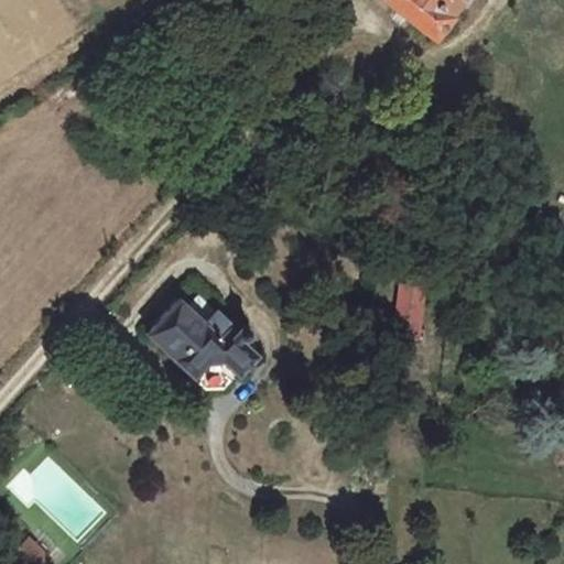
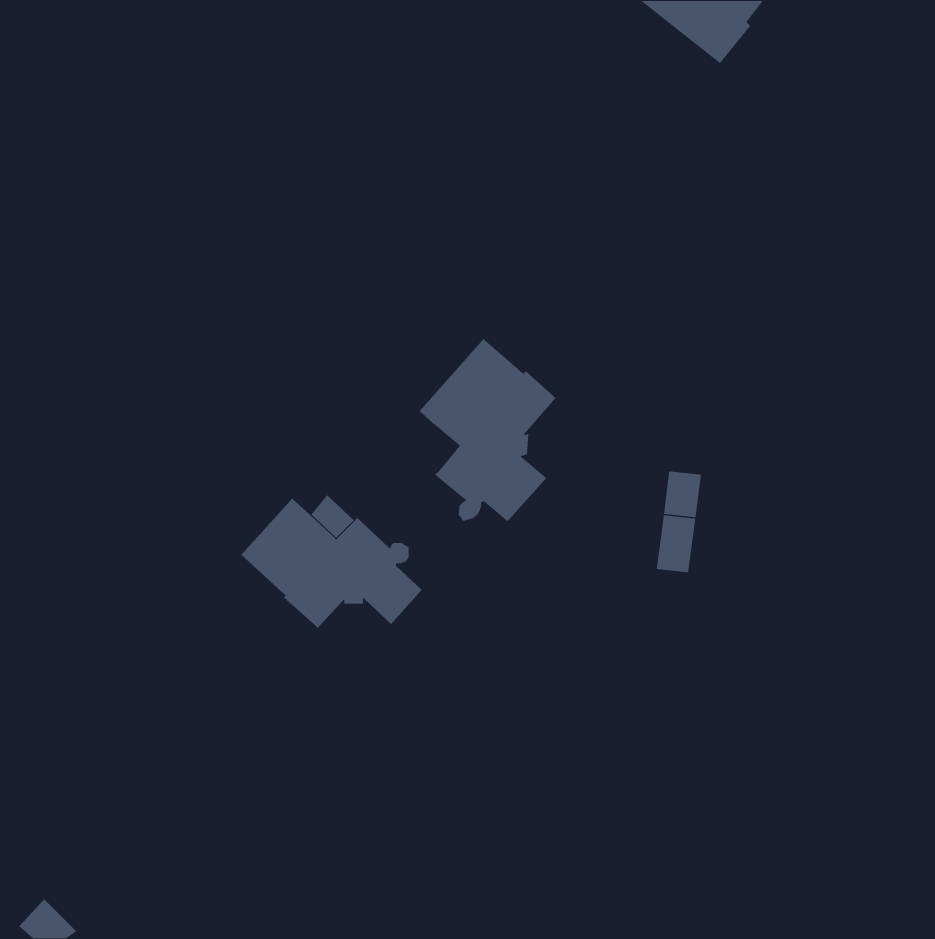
building: none -> [419,338,557,522]

